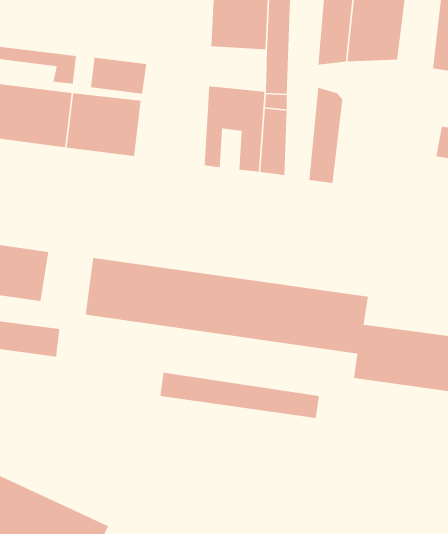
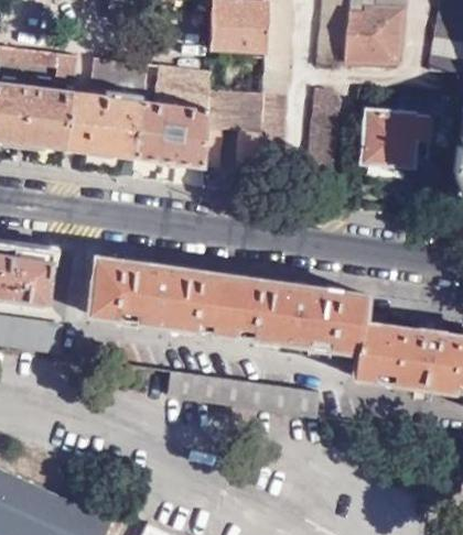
building: none -> [136,79,209,166]
building: none -> [364,111,430,164]

